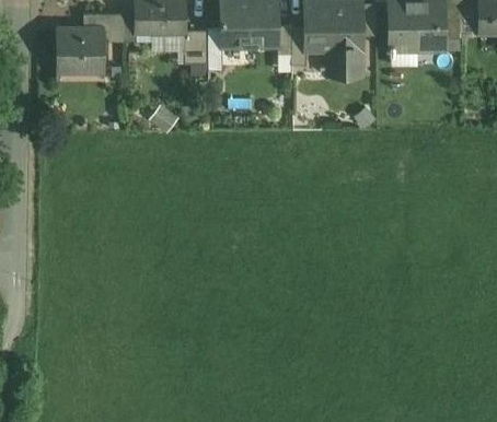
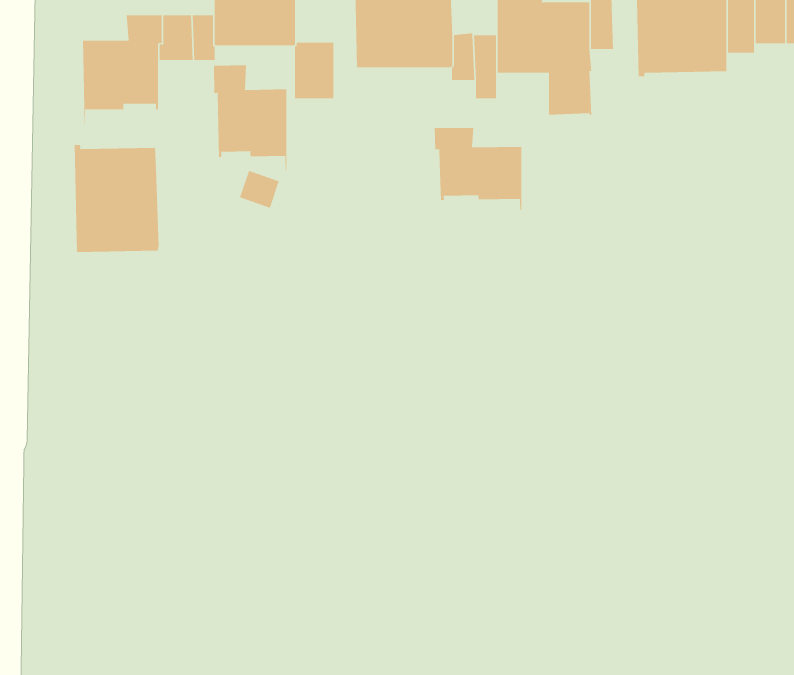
building: none -> [213,64,287,171]
building: none -> [434,127,522,211]
building: none -> [74,144,159,253]

